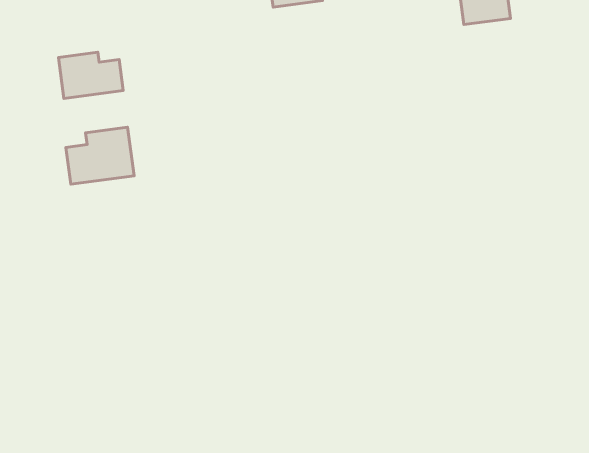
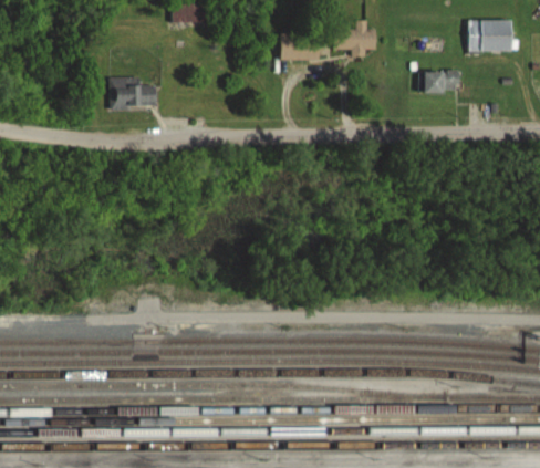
building: [66,127,134,184] -> none

